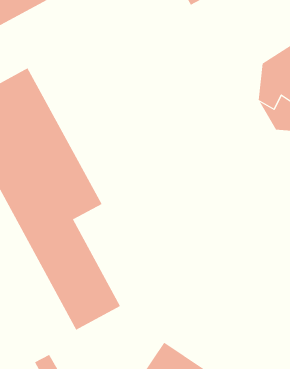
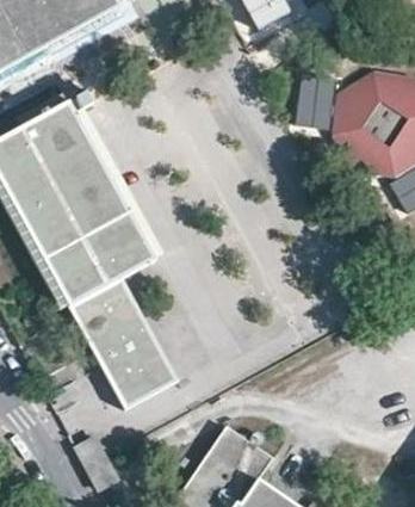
building: none -> [299,75,335,131]

